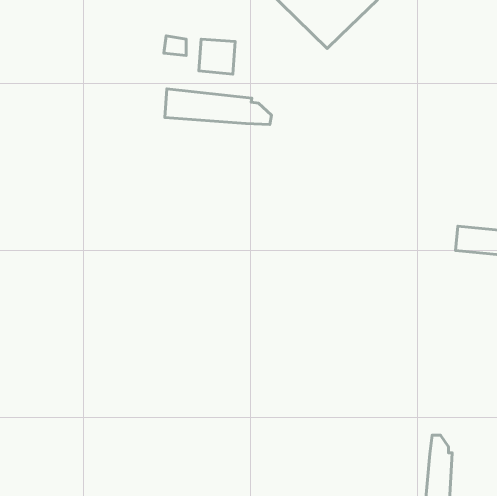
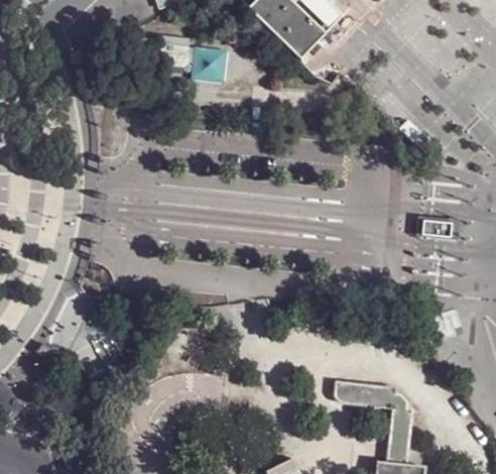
building: [165,89,272,124] -> none
building: none -> [333,381,392,407]

